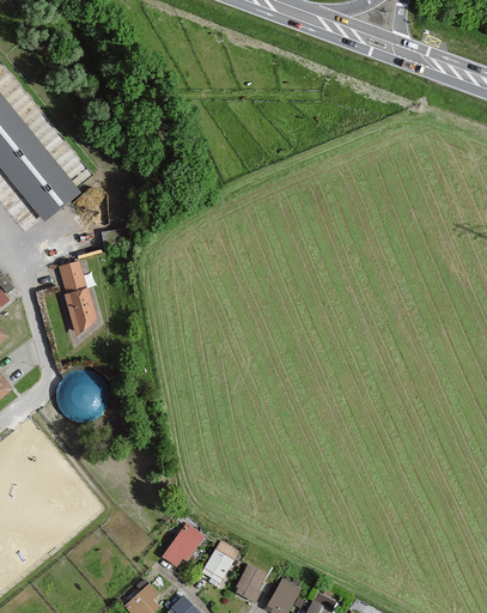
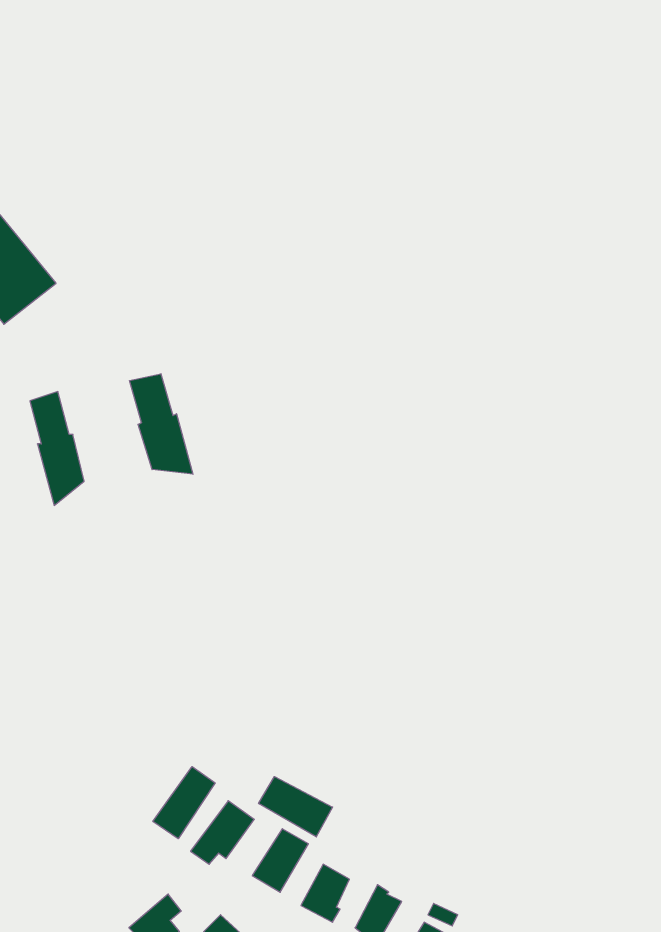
building: none -> [130,374,193,474]
building: none -> [153,767,215,839]
building: none -> [259,777,333,837]

